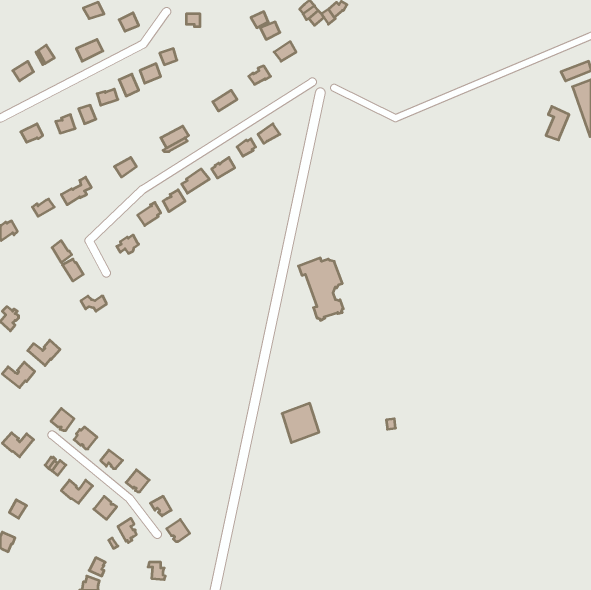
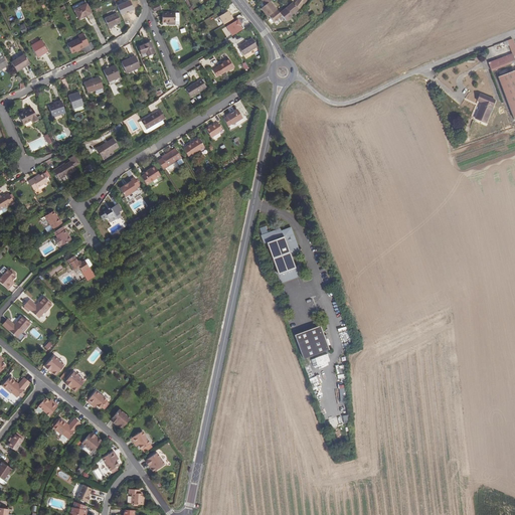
building: [282,403,319,443] -> [295,322,327,356]

